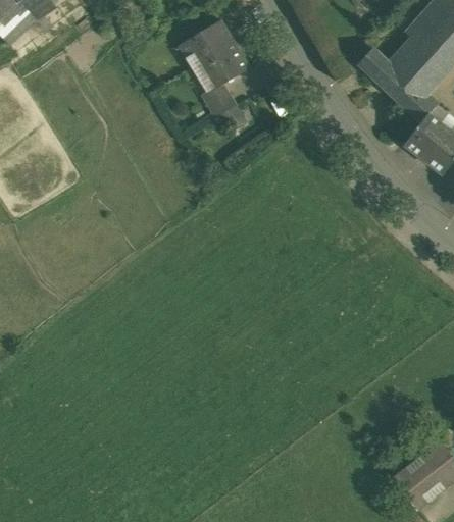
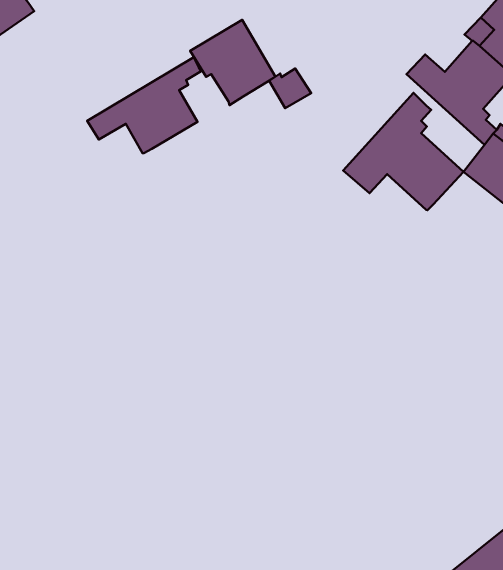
building: none -> [87,57,201,153]
building: none -> [343,93,463,210]
building: [201,83,236,115] -> [269,69,311,108]

